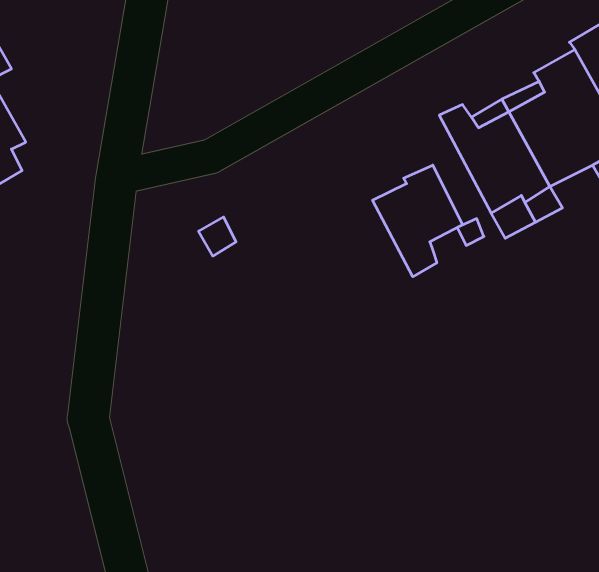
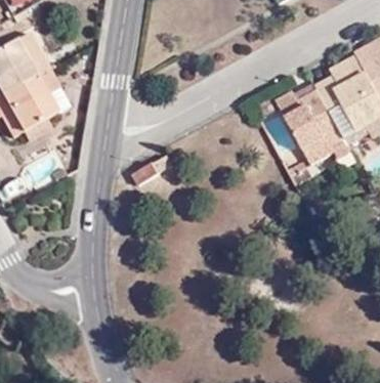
building: [373,165,463,277] -> none

